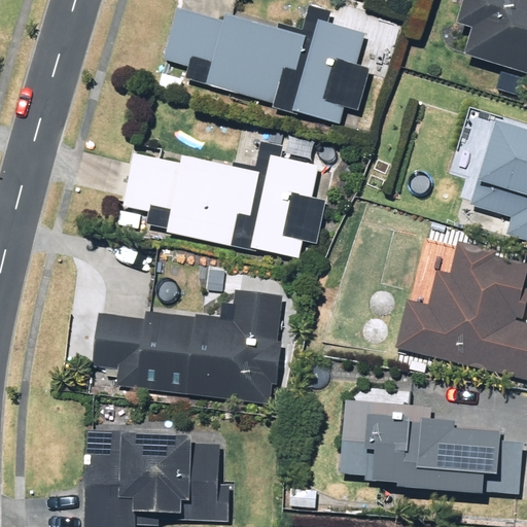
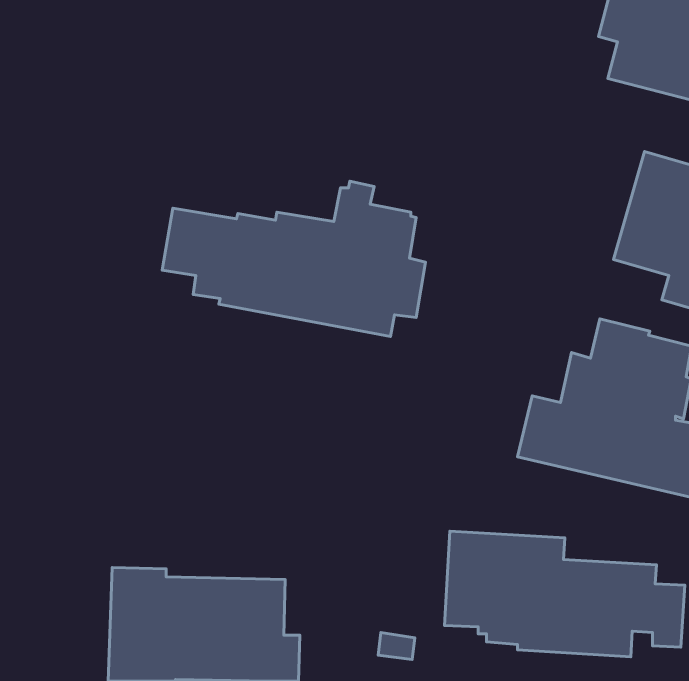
building: [166,7,368,125] -> none
building: [94,291,282,401] -> none

